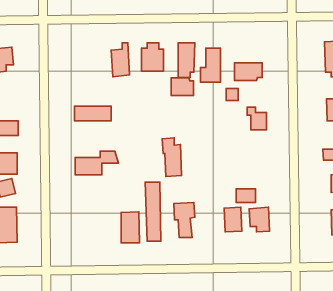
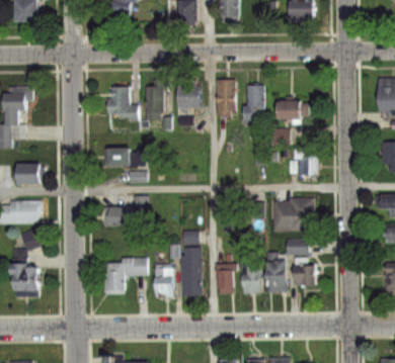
building: none -> [109,88,138,121]
building: [171,78,193,95] -> none
building: [162,138,182,177] -> [237,253,258,295]
building: none -> [271,198,312,232]
building: none -> [103,255,147,294]

